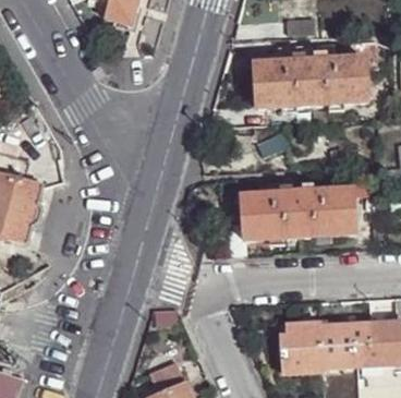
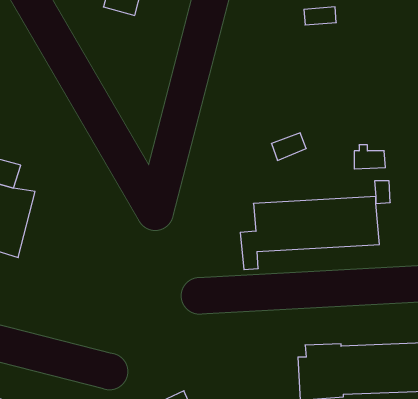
building: [252,56,366,104] -> none

